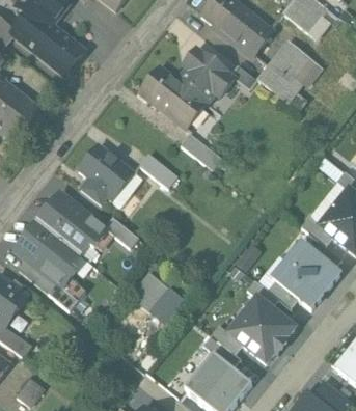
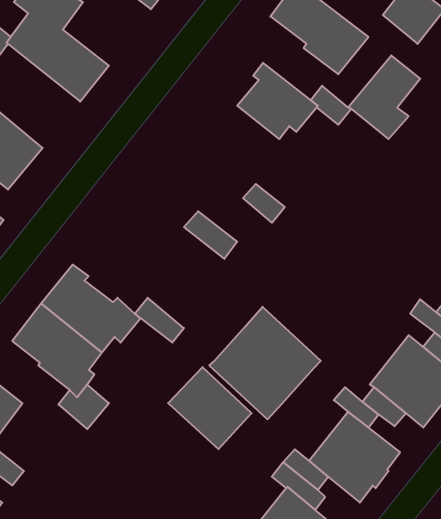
building: [139,64,208,128] -> none
building: [79,143,135,200] -> none
building: none -> [209,307,321,419]

